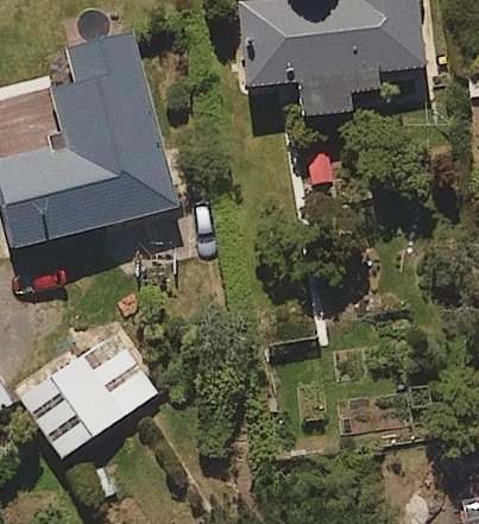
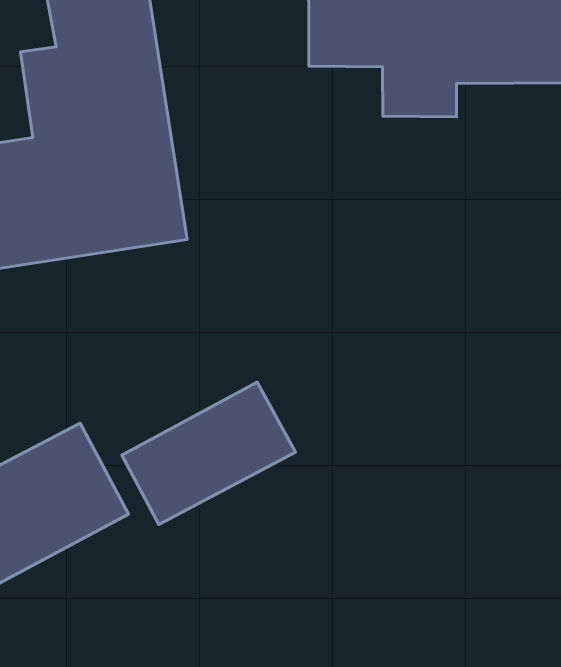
building: none -> [122,382,295,525]

